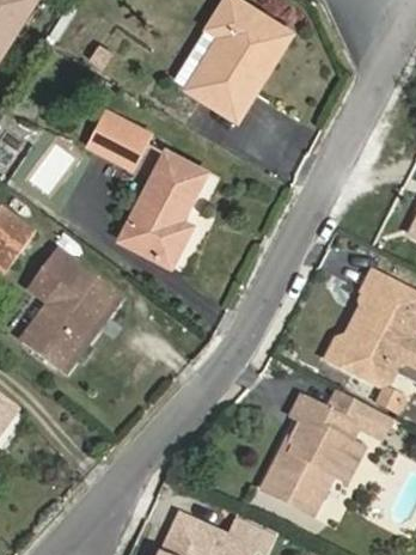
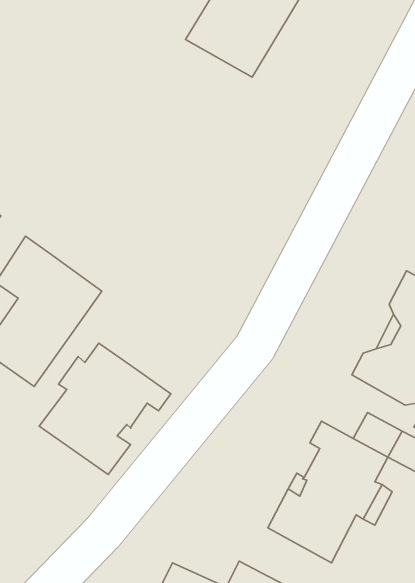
building: [90,109,148,166] -> none
building: [122,148,202,262] -> none
building: none -> [39,343,171,475]

